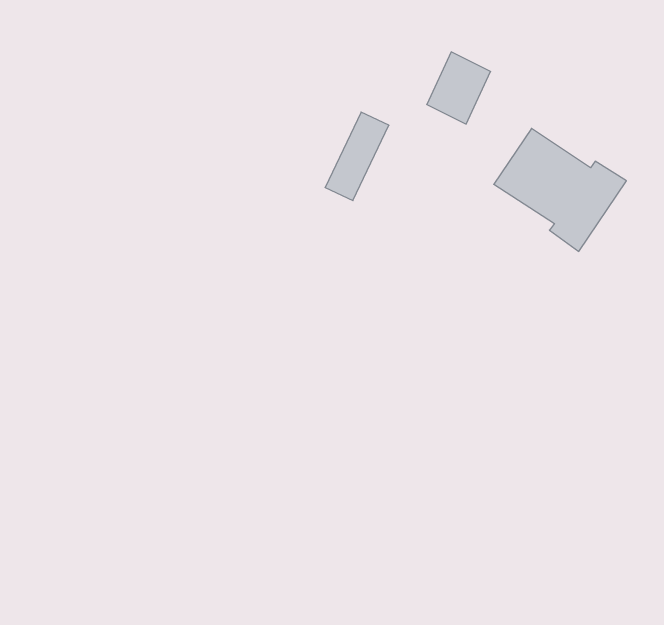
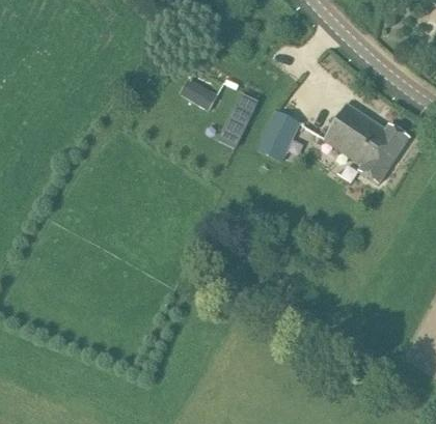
building: [427,52,491,124] -> [258,110,299,156]
building: none -> [179,78,217,111]

